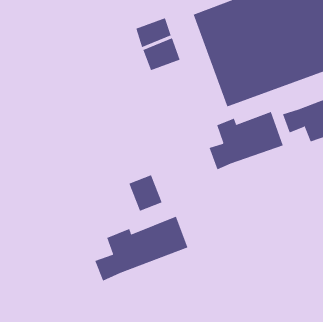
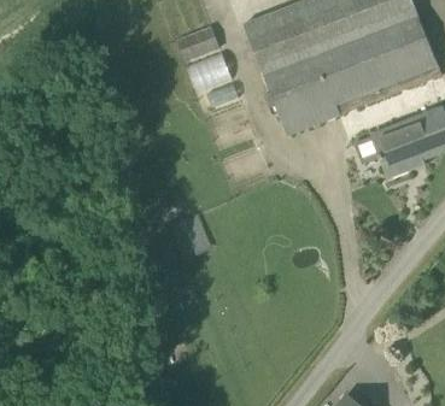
building: [209,111,284,170] -> none
building: [95,216,188,281] -> none

